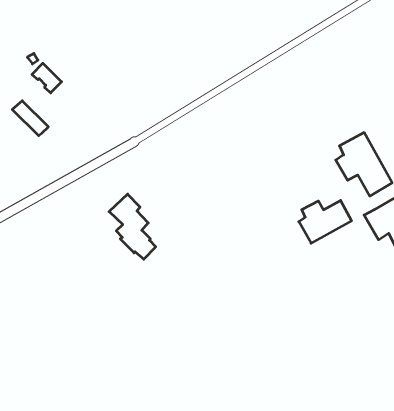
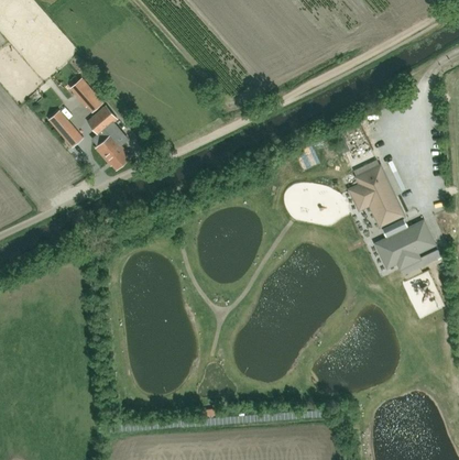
building: [109,194,156,259] -> [86,105,128,167]
building: [299,200,351,243] -> none

